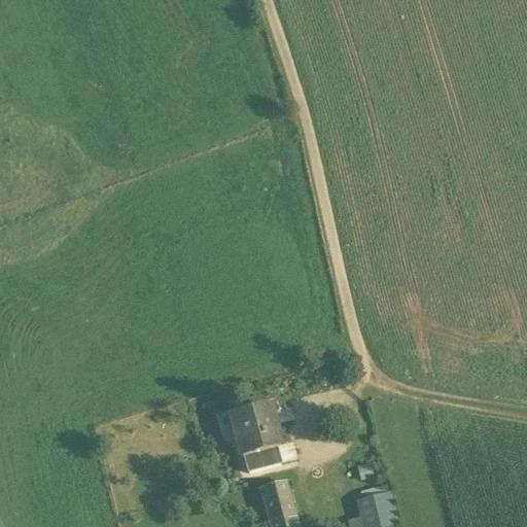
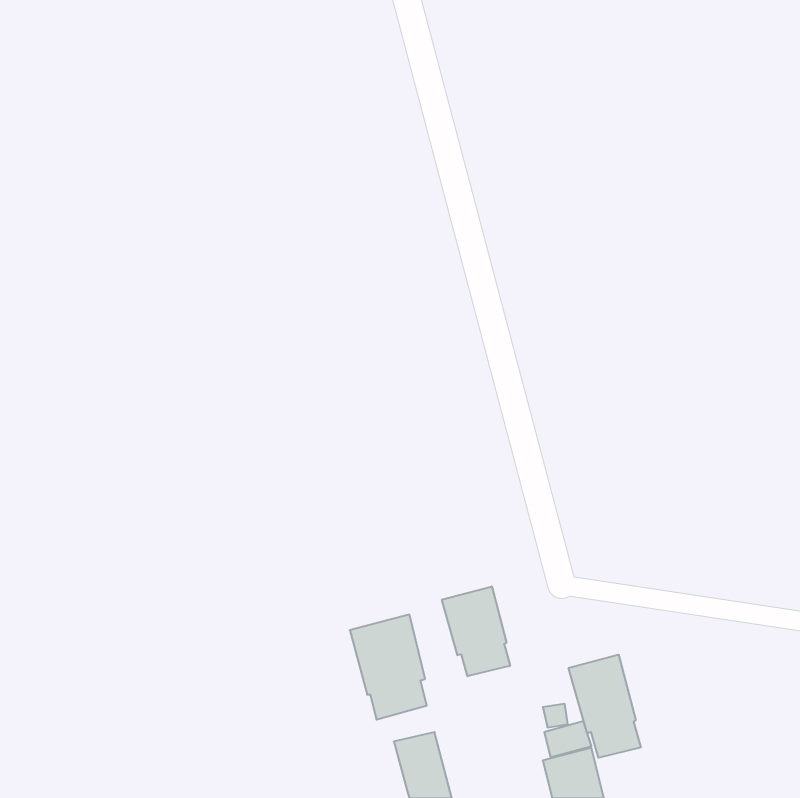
building: none -> [442,586,510,676]
building: none -> [569,655,641,758]

